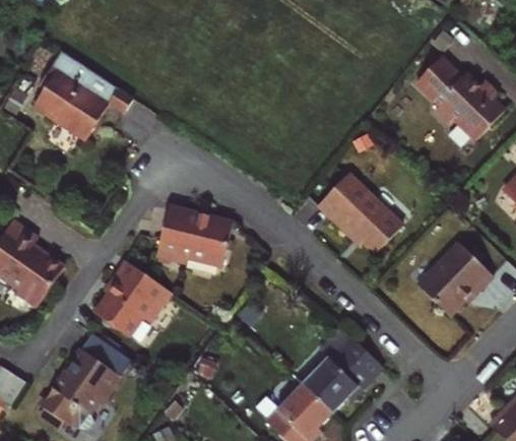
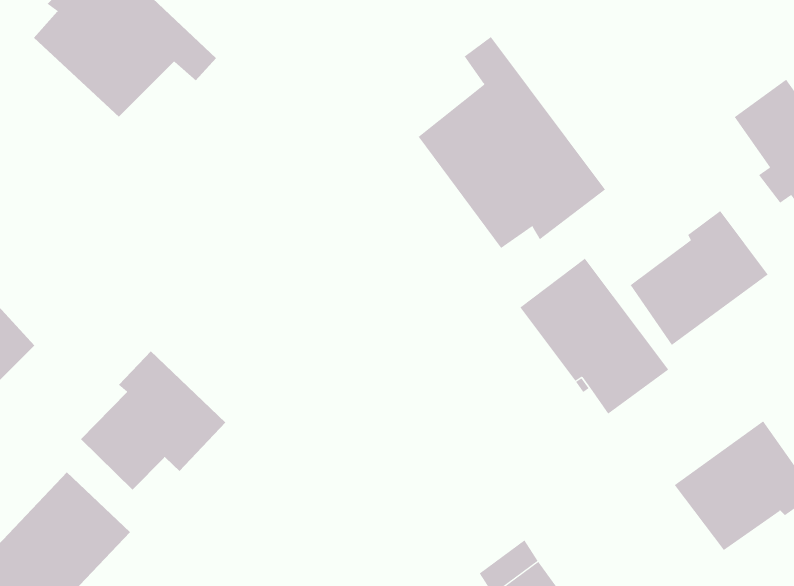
building: none -> [418,36,606,249]
building: none -> [630,210,768,346]
building: [154,205,233,268] -> none

